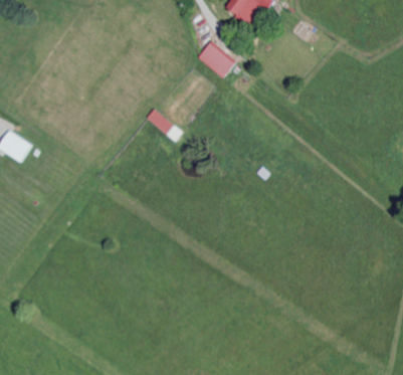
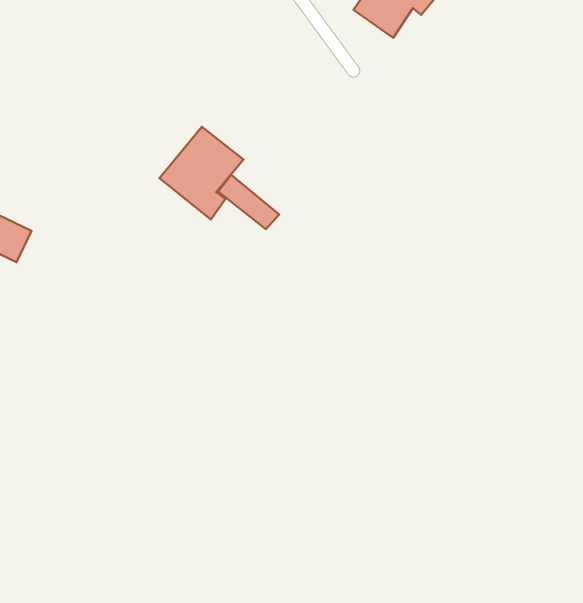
building: [196,40,234,77] -> none
building: none -> [159,127,243,219]

